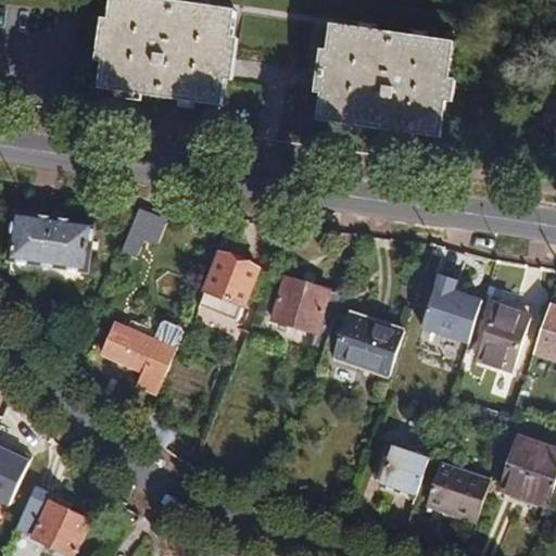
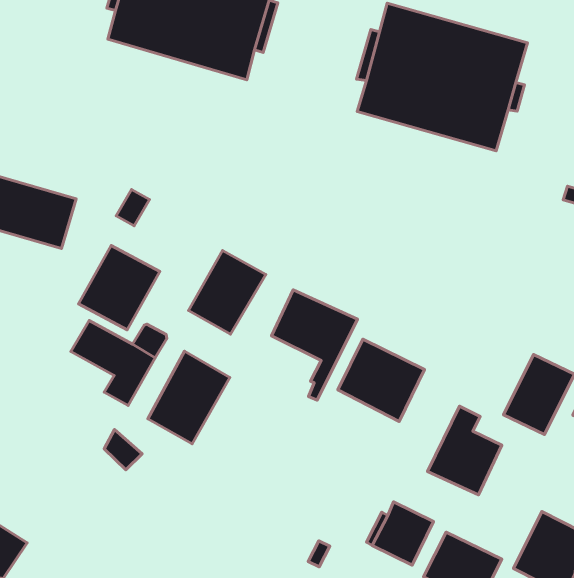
building: none -> [78,246,160,330]
building: [421,271,481,344] -> [428,406,502,495]
building: none -> [148,351,230,444]

